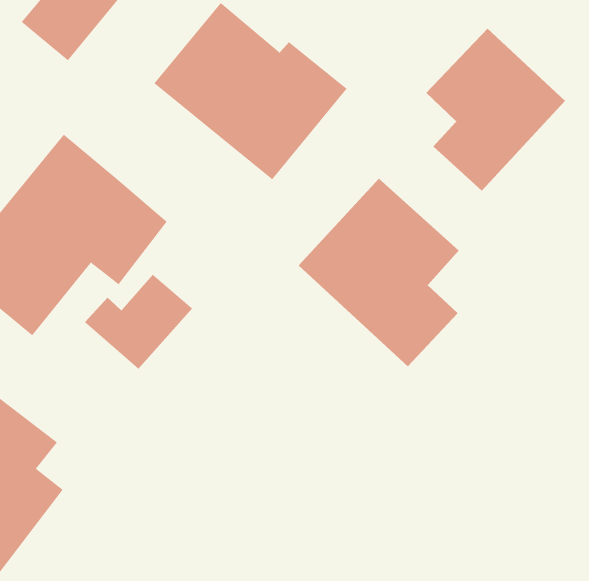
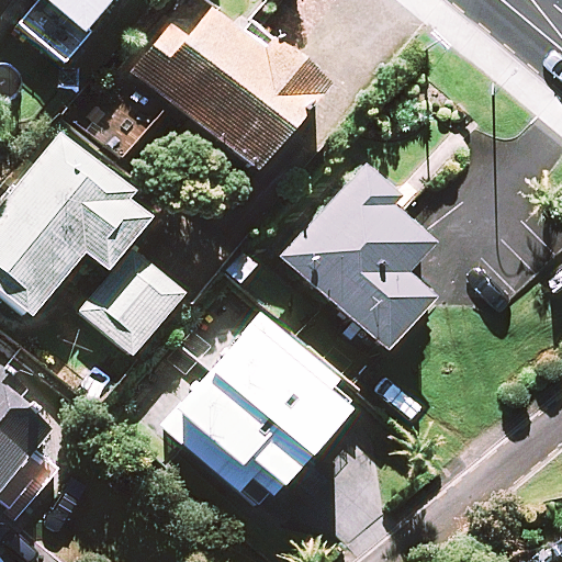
building: [425,28,566,191] -> none
building: none -> [161,285,352,513]

